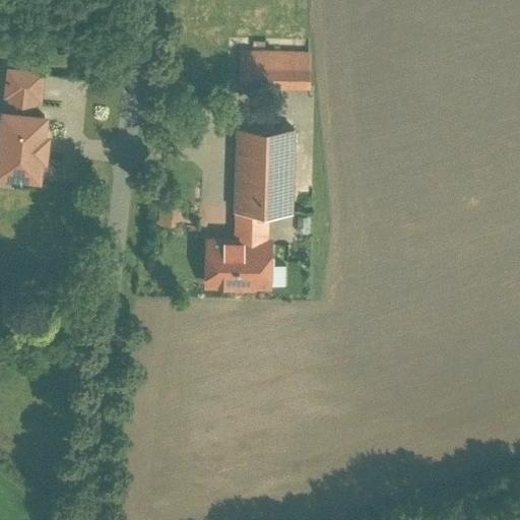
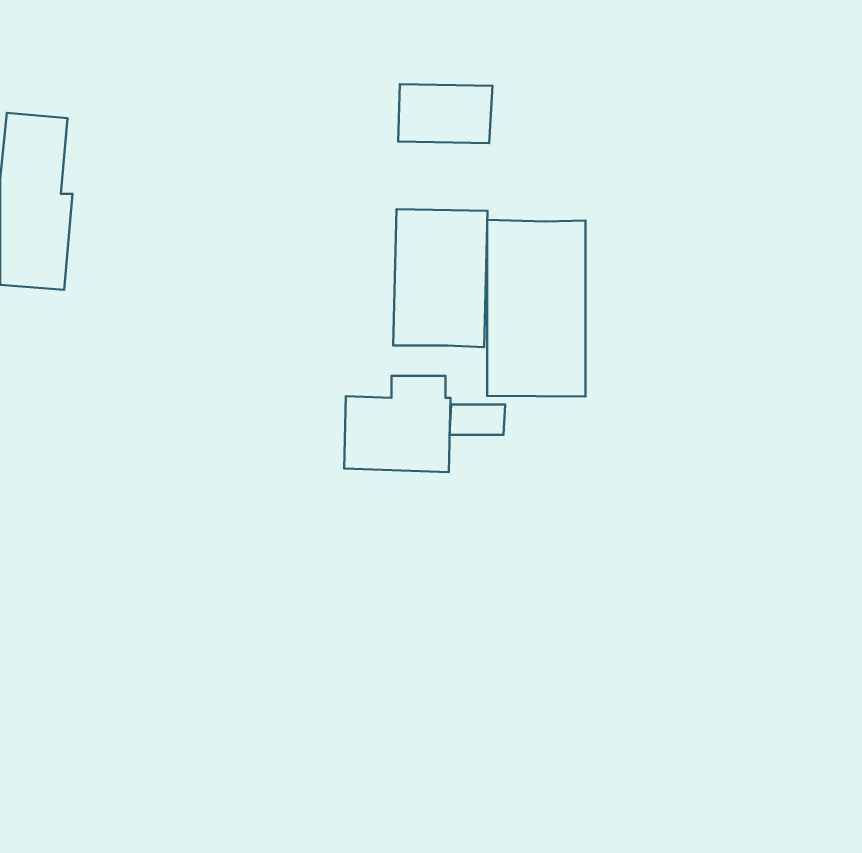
building: none -> [487,220,586,397]
building: [236,213,269,232] -> [450,404,505,435]

